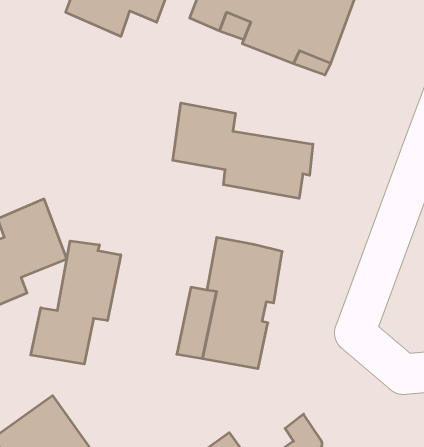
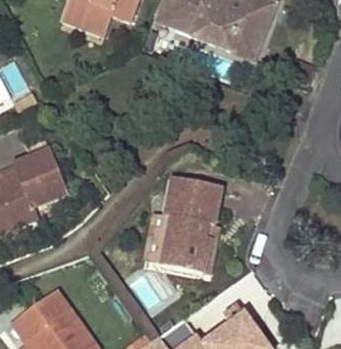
building: [173,103,313,198] -> none
building: [31,241,121,364] -> none

